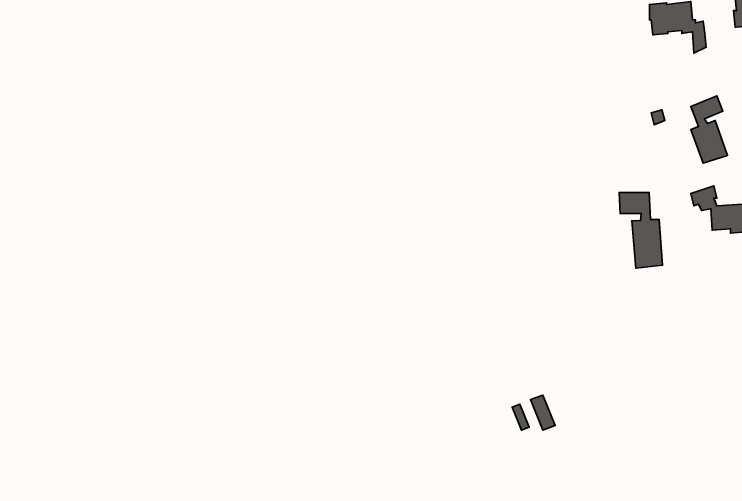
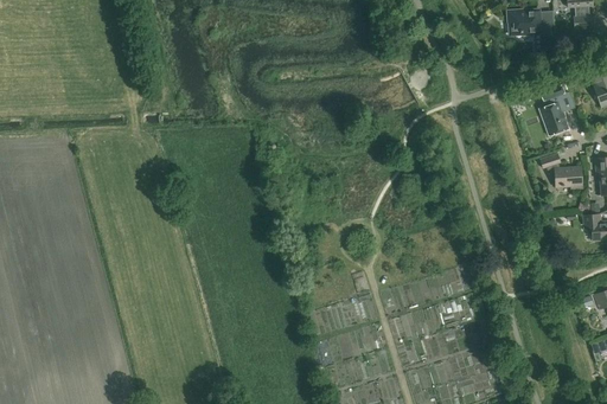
building: [619,192,663,268] -> none

